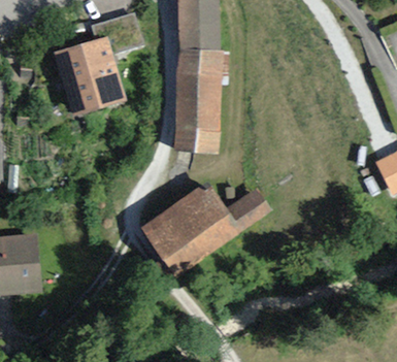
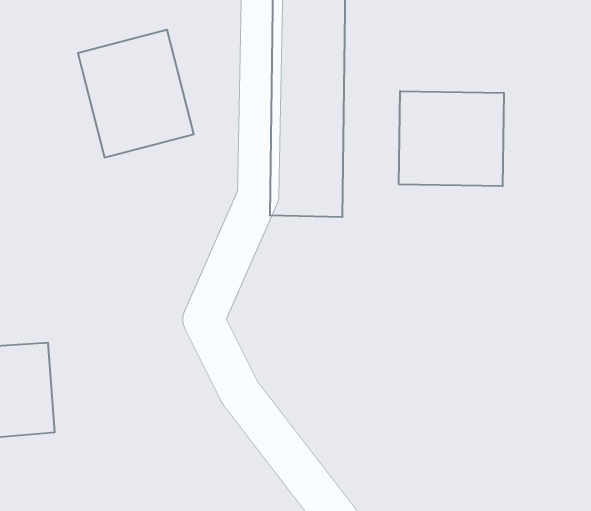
building: none -> [399,91,504,186]
building: [140,182,270,273] -> none

